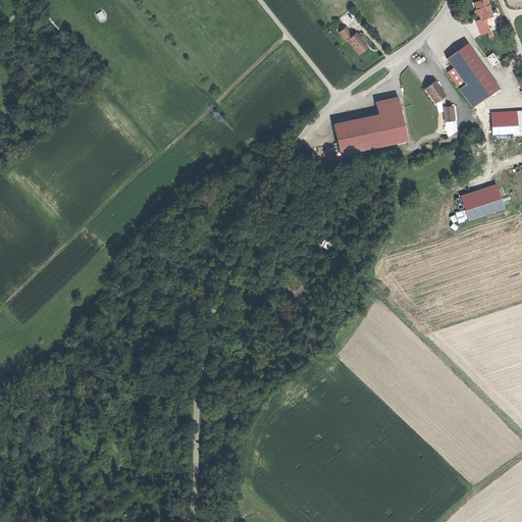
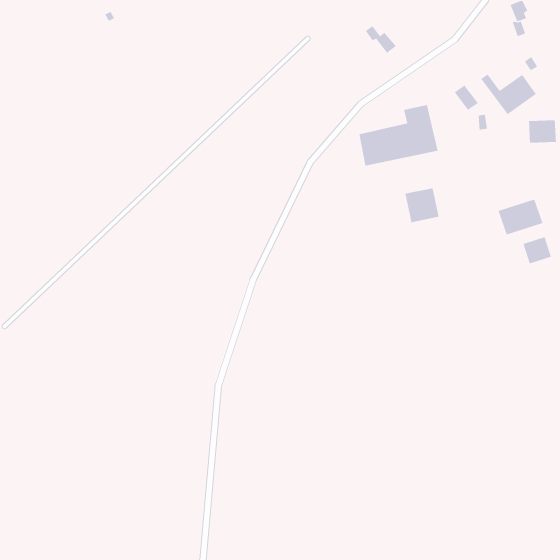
building: [446,43,485,84] -> none
building: none -> [404,187,439,223]
building: none -> [523,236,552,265]

